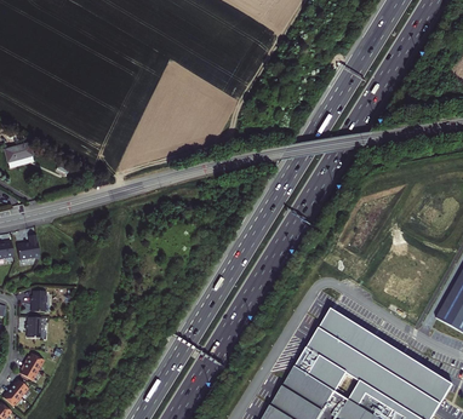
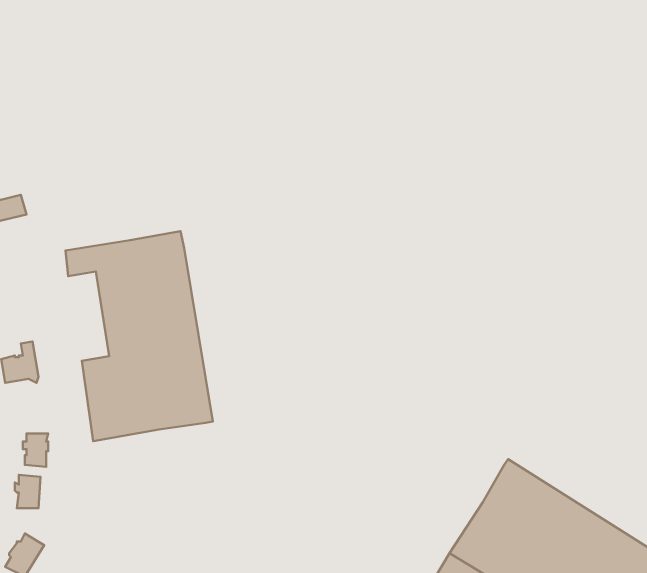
building: none -> [66,231,213,441]

